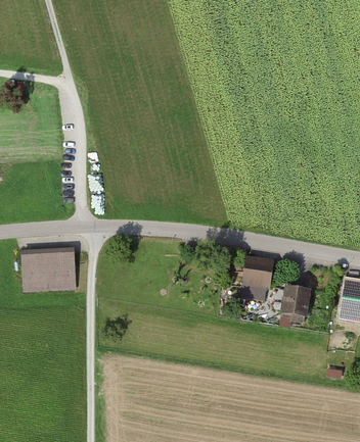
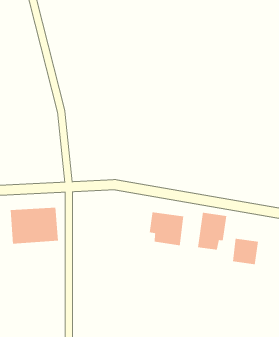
building: none -> [149,211,184,246]

